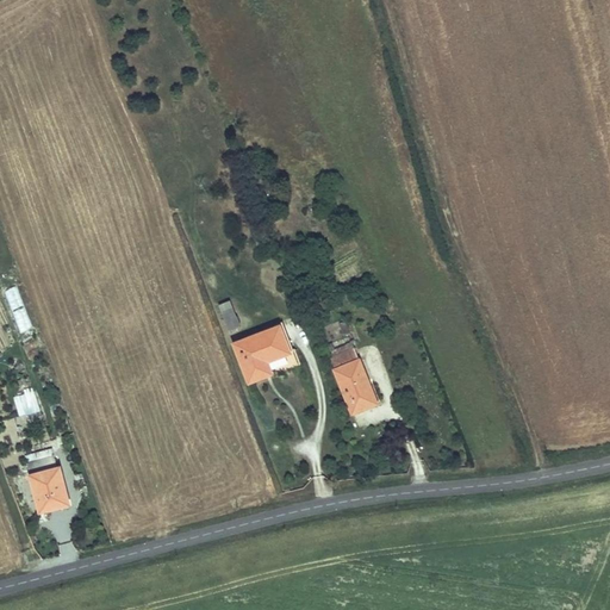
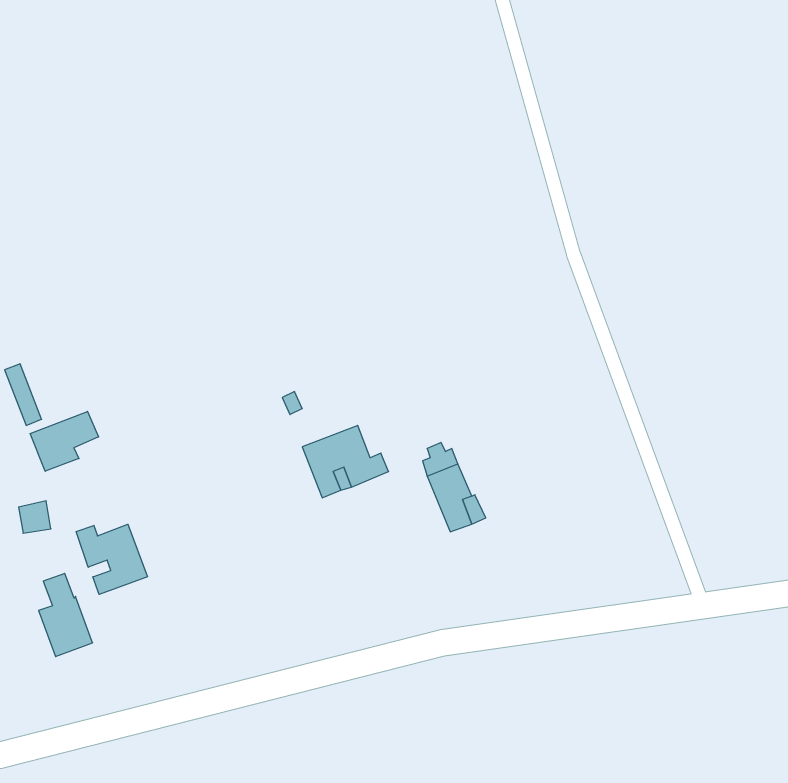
building: none -> [30,411,99,471]
building: none -> [76,524,147,594]

